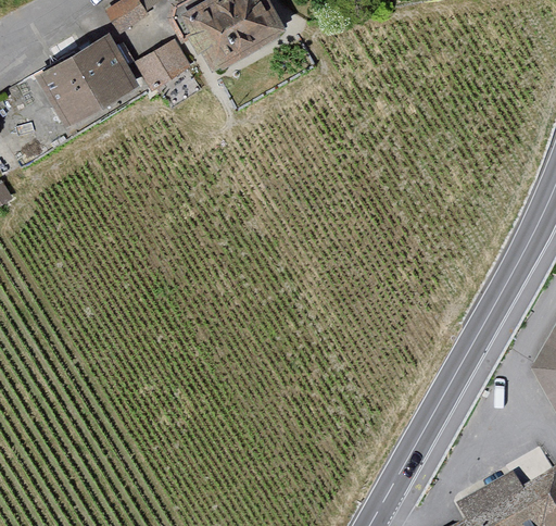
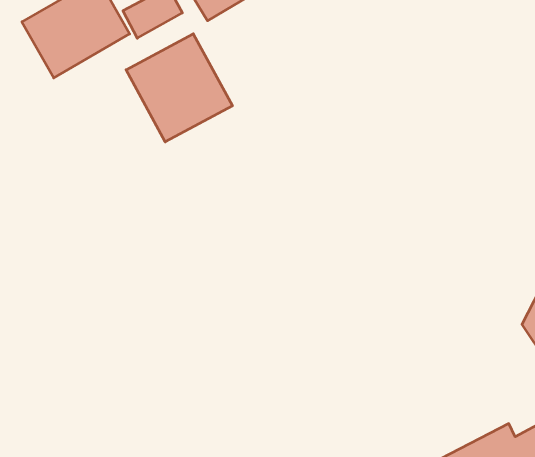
building: none -> [126,34,232,142]

